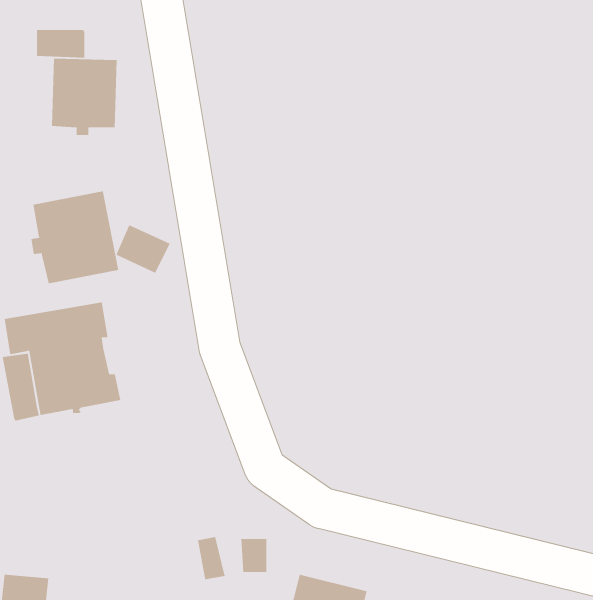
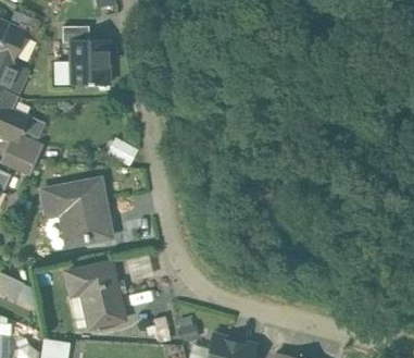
building: [31,191,119,284] -> none
building: none -> [66,262,122,329]

